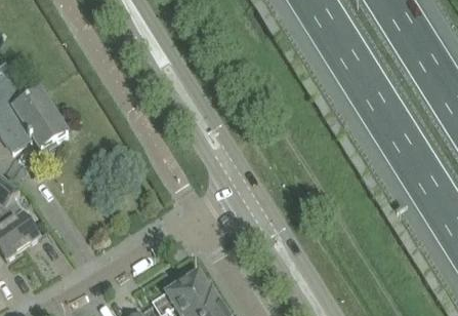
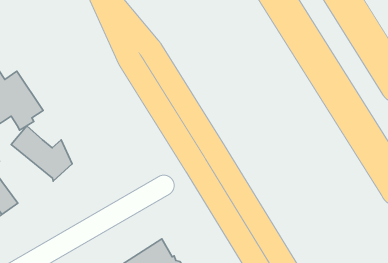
building: none -> [11,126,72,181]

